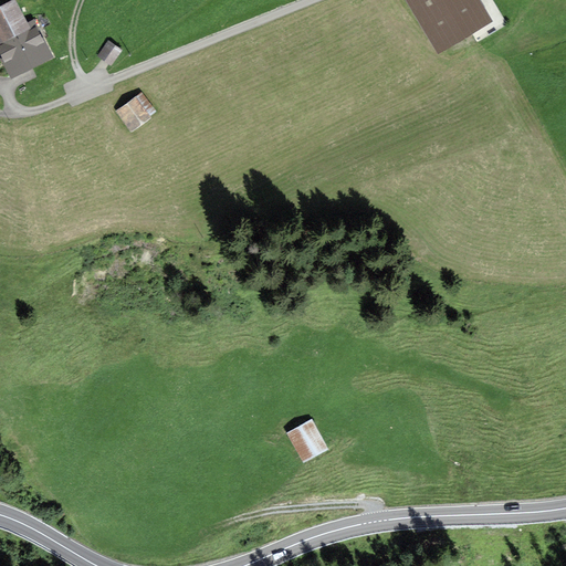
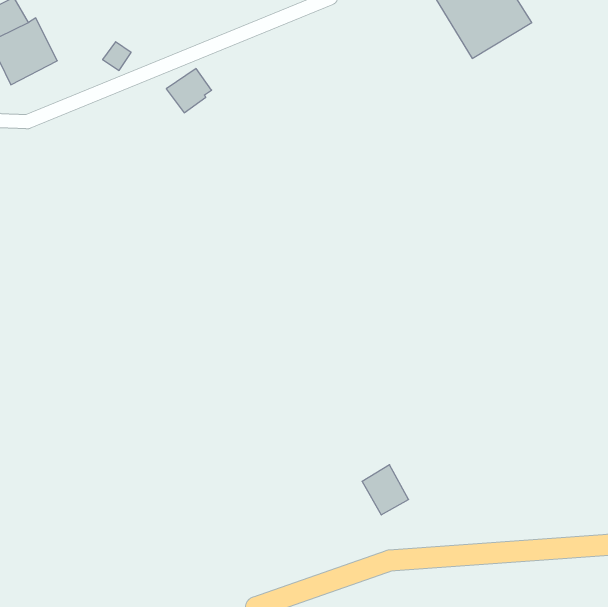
building: [114,91,156,132] -> [166,69,212,113]
building: [286,417,329,463] -> [362,465,409,515]

